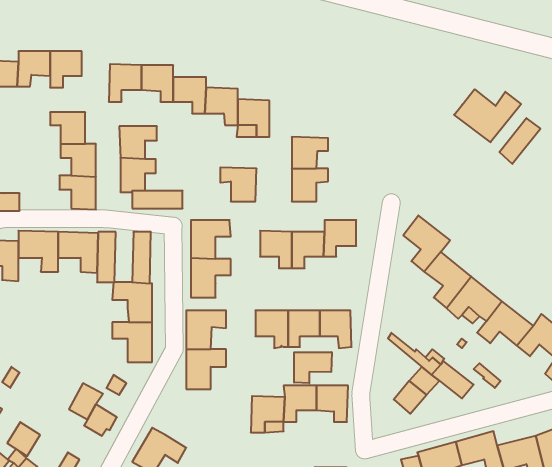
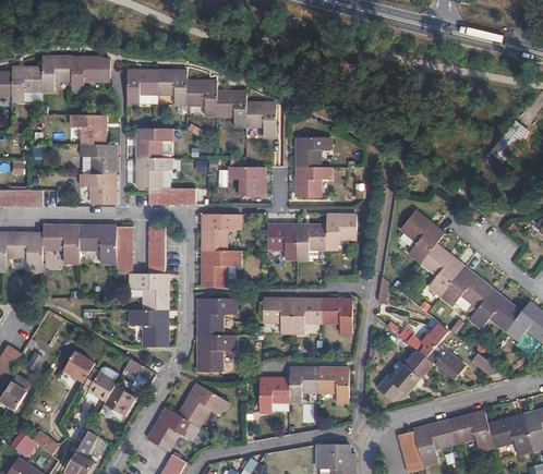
building: [454,89,521,142] -> none
building: [294,352,332,383] -> none
building: none -> [179,384,229,426]
building: [7,422,40,456] -> [67,349,97,380]

